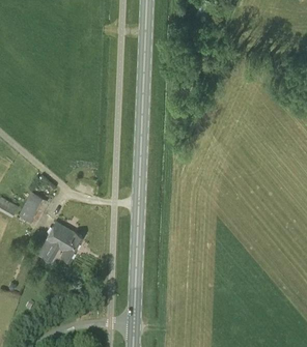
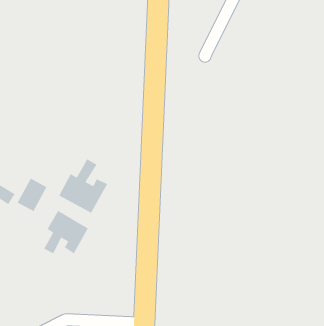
building: none -> [58,158,108,214]

